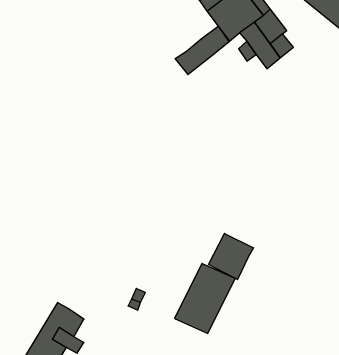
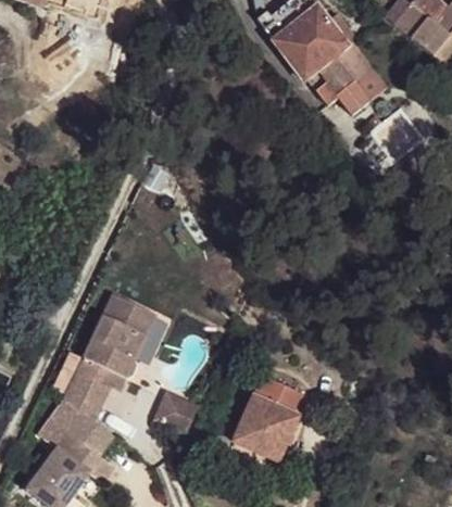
building: [175,26,229,75] -> none
building: none -> [58,301,154,428]
building: [209,233,253,280] -> none

